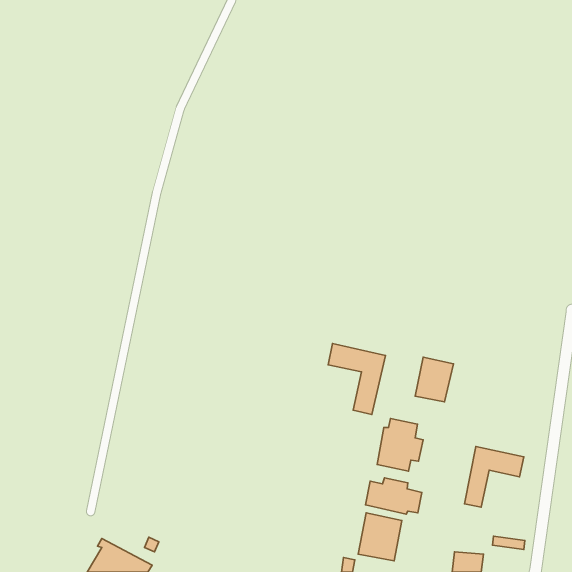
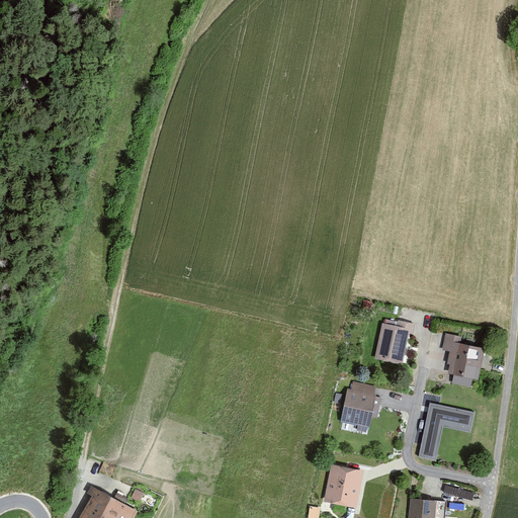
building: [328,344,386,414] -> none
building: none -> [442,333,486,386]
building: [366,478,422,514] -> none

